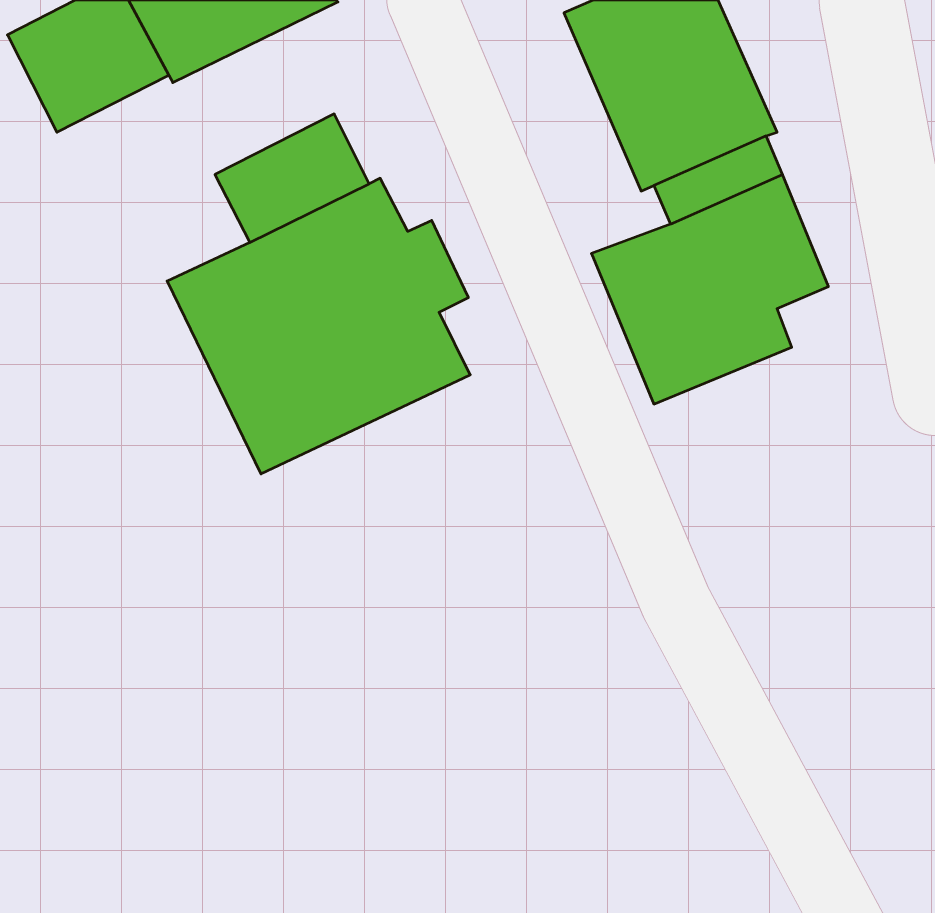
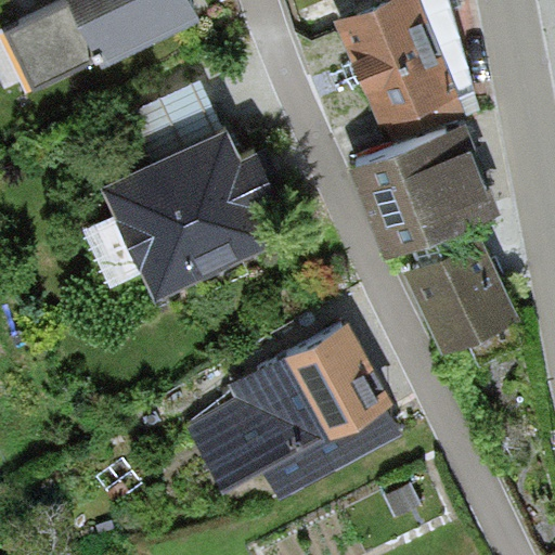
building: none -> [402,235,519,354]
building: none -> [185,320,401,508]

